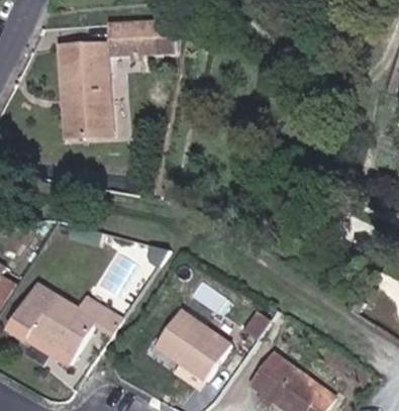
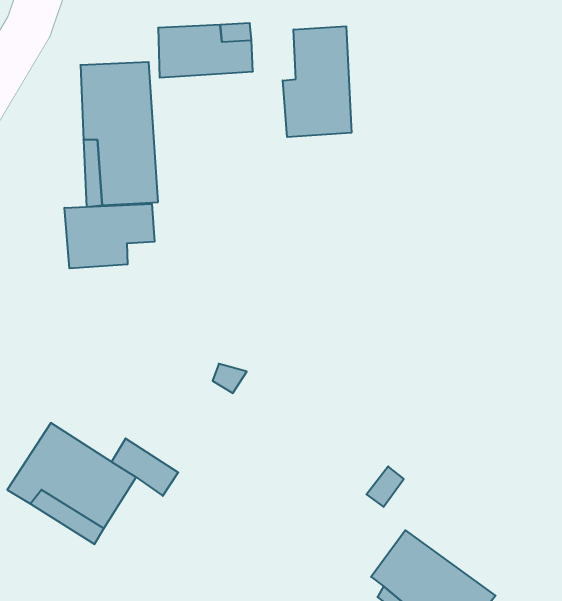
building: none -> [283,26,351,137]
building: none -> [64,204,154,268]
building: [157,310,229,380] -> none

